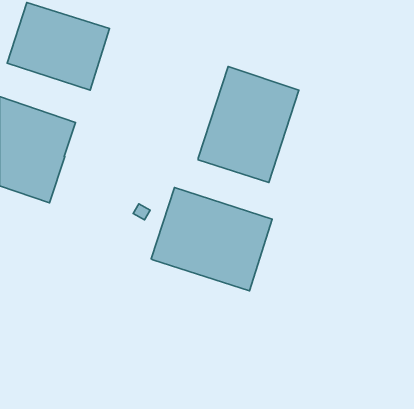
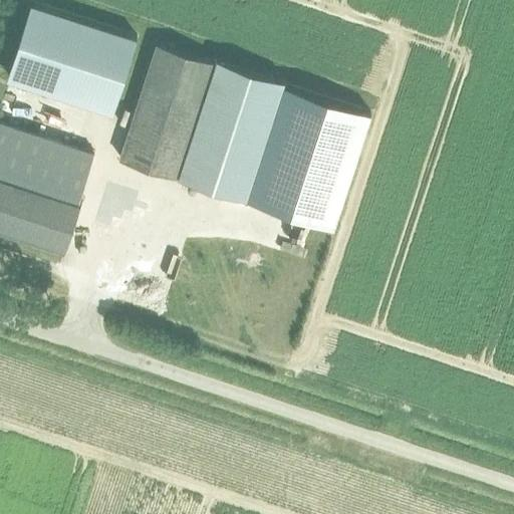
building: none -> [119,48,282,203]
building: [151,188,272,291] -> none

